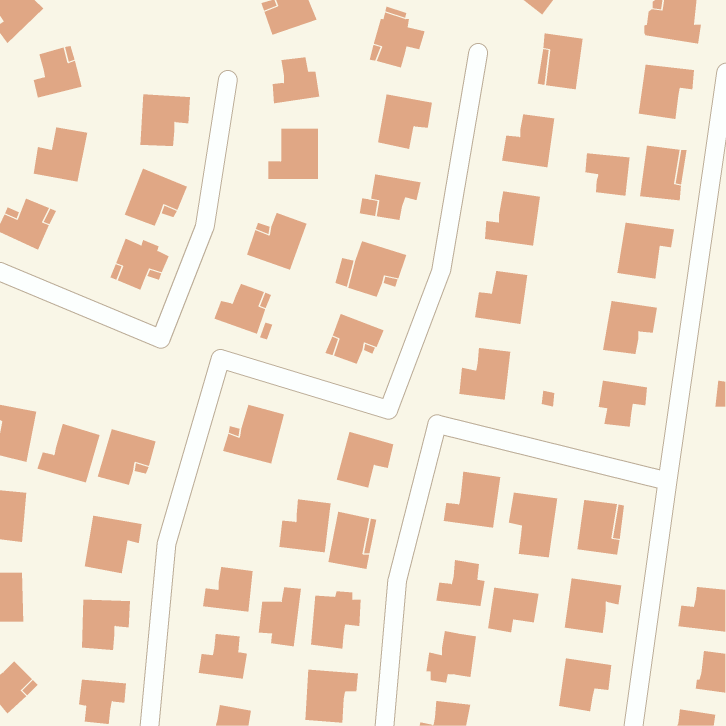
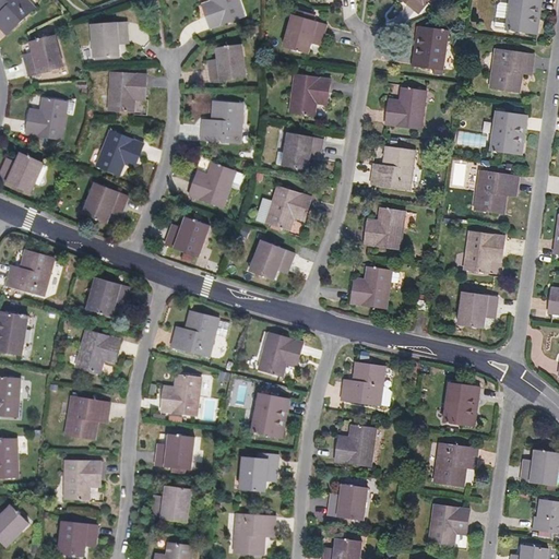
building: none -> [91,23,127,56]
building: [585,152,630,197] -> none
building: none -> [86,276,131,316]
building: [37,423,101,483] -> [4,249,53,295]
building: [508,492,558,558] -> none
building: [279,499,331,553] -> [160,374,201,416]
building: [258,587,301,647] -> none
building: [487,587,539,633] -> none

